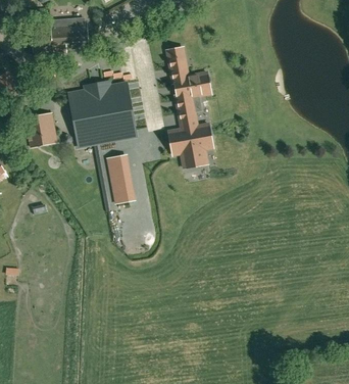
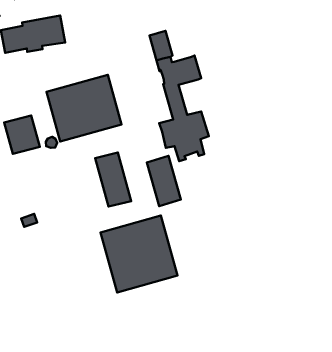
building: none -> [147,156,181,206]
building: none -> [100,215,178,292]

